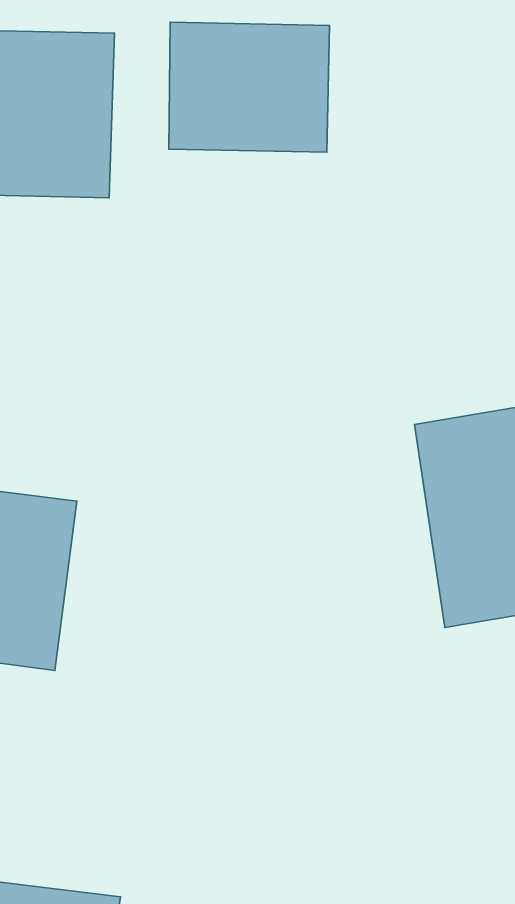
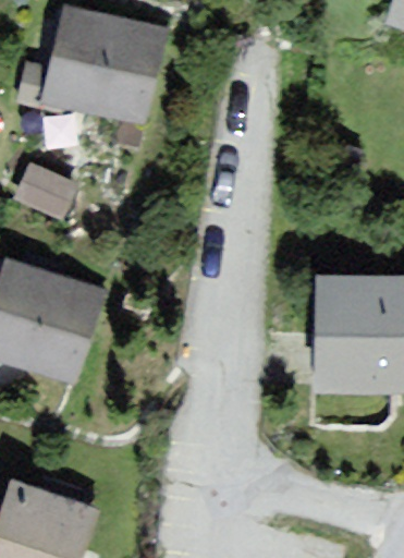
building: [169,22,329,152] -> none

